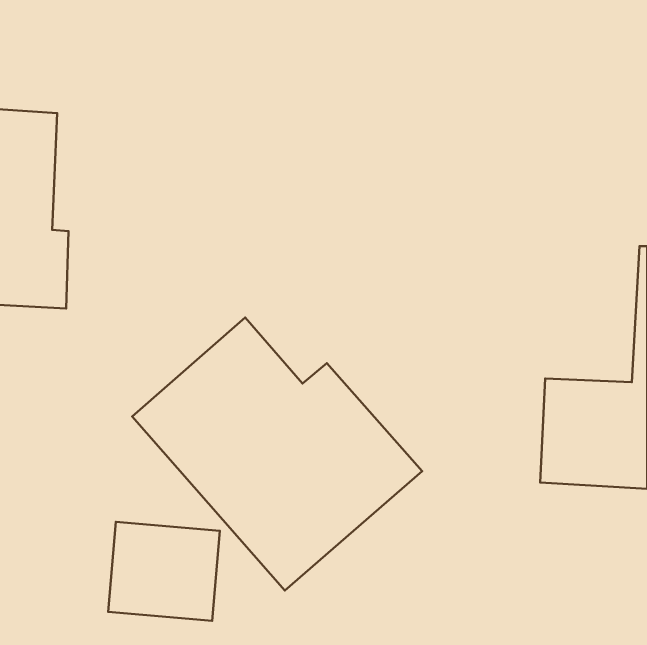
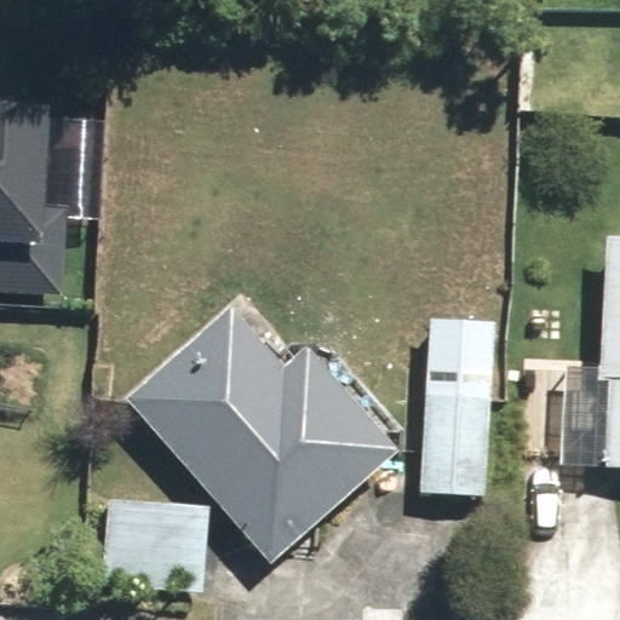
building: none -> [419,317,496,496]

